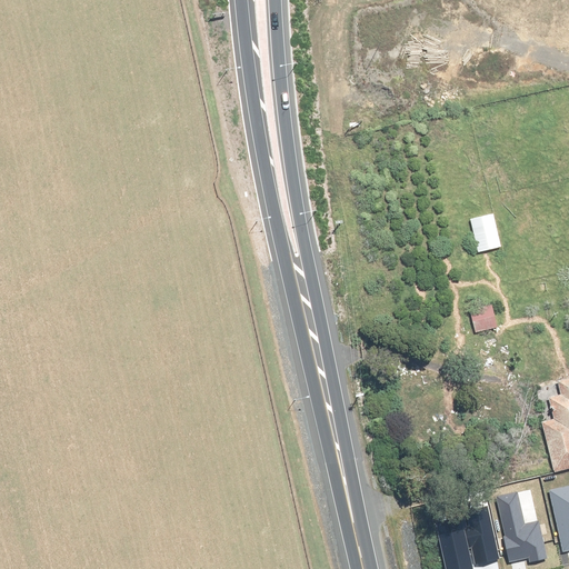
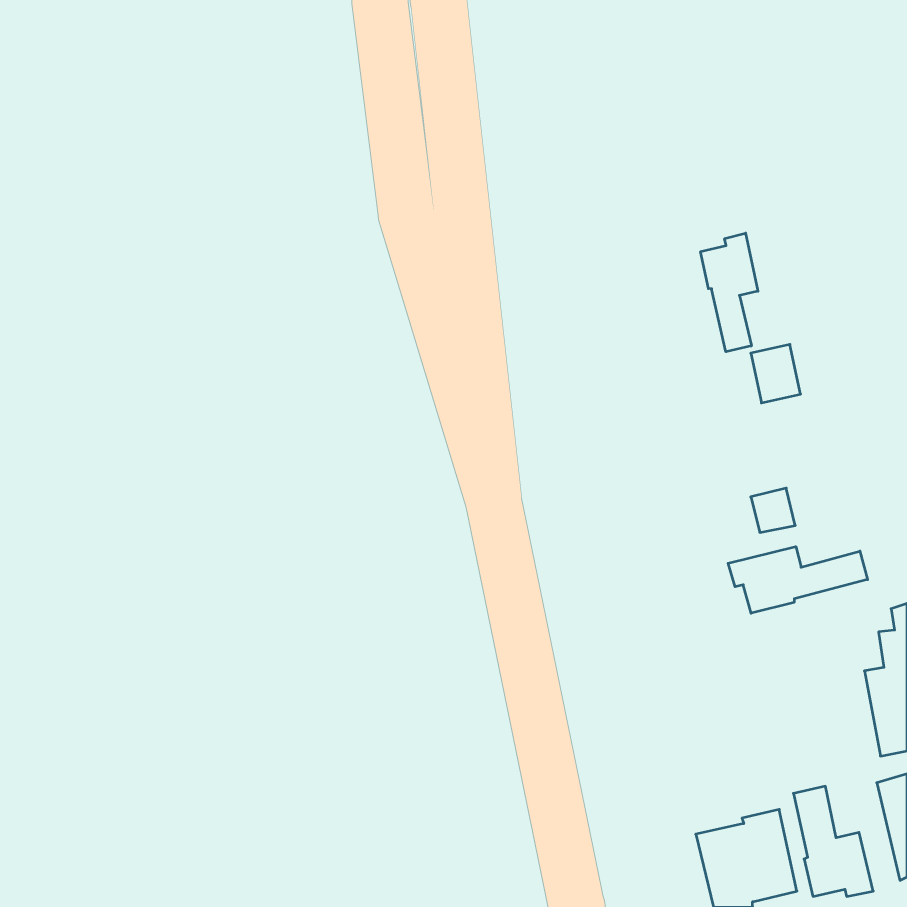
building: none -> [701,233,758,352]
building: none -> [728,547,868,613]

